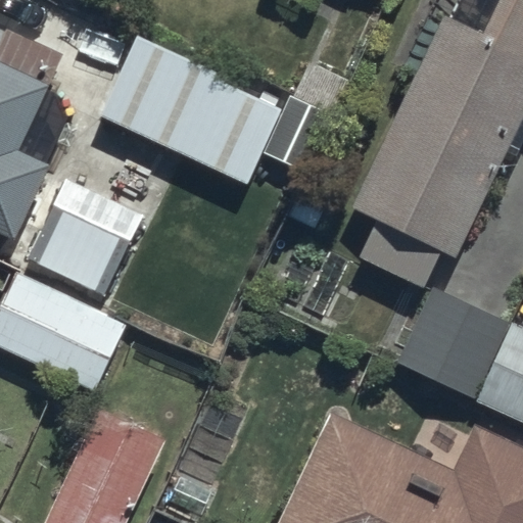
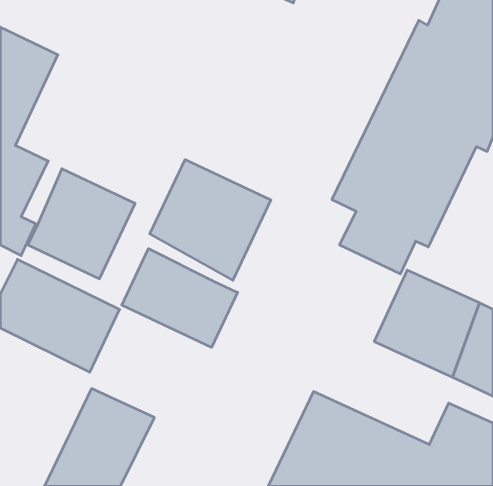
building: [100,36,276,178] -> none
building: none -> [150,160,271,280]
building: none -> [122,249,238,347]

